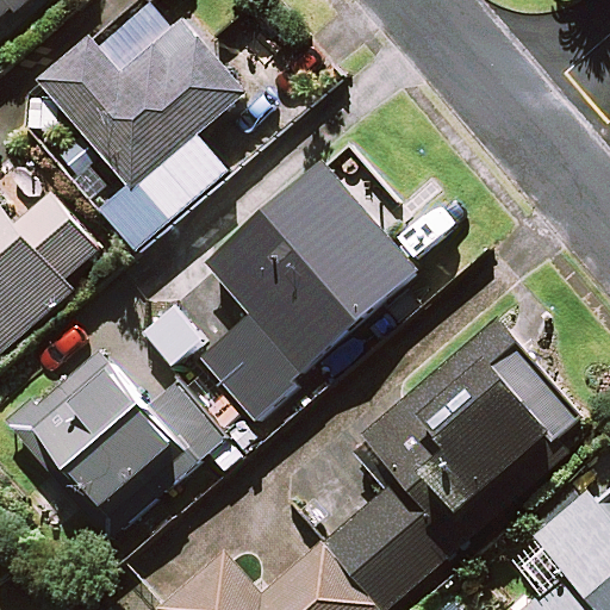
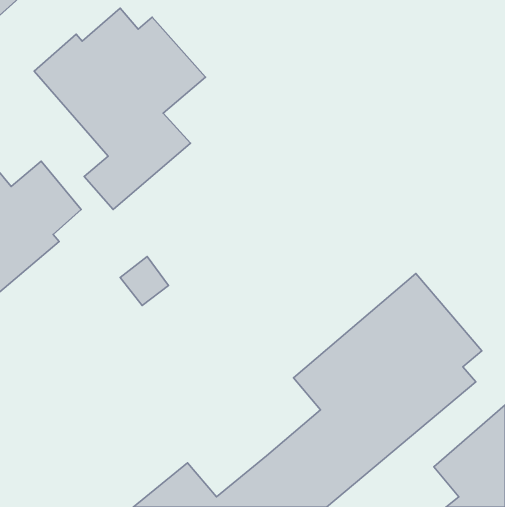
building: [199,168,413,416] -> none
building: [11,353,222,528] -> none

